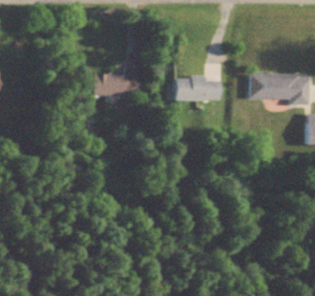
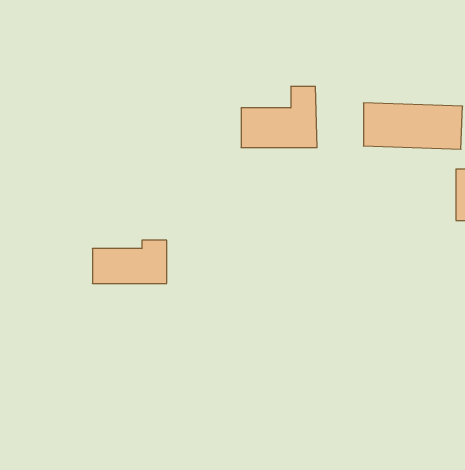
building: [95,69,140,95] -> [92,240,167,283]

